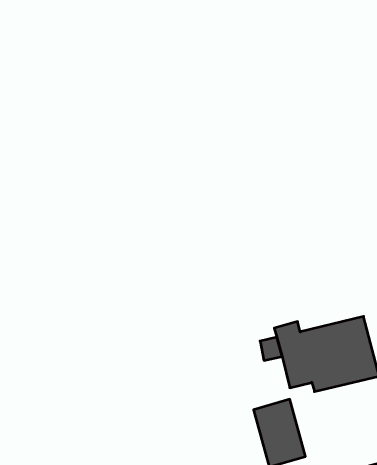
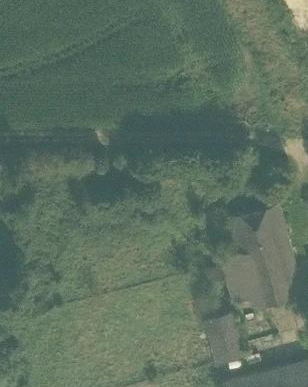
building: none -> [229,204,290,261]

